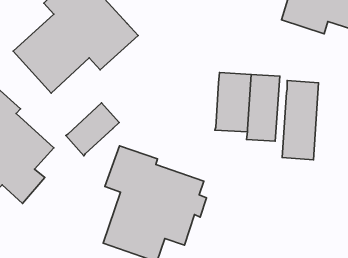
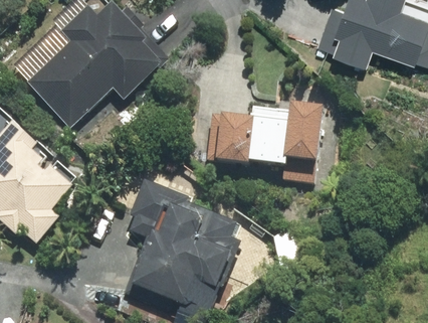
building: none -> [208,111,252,165]
building: [282,80,319,160] -> none
building: [66,103,119,156] -> none

